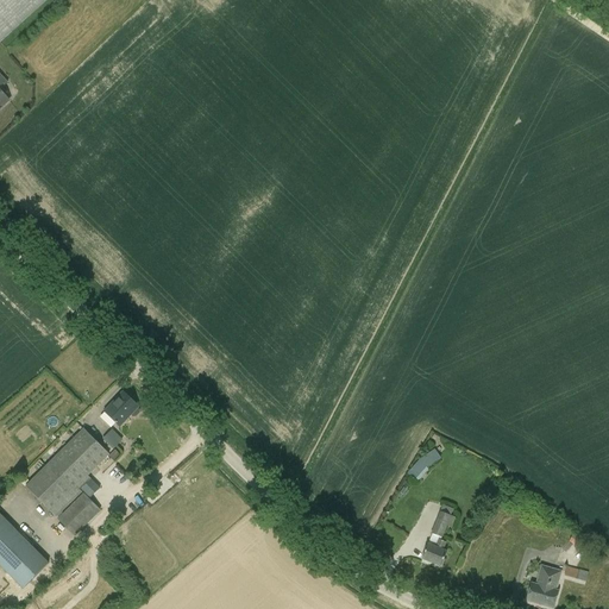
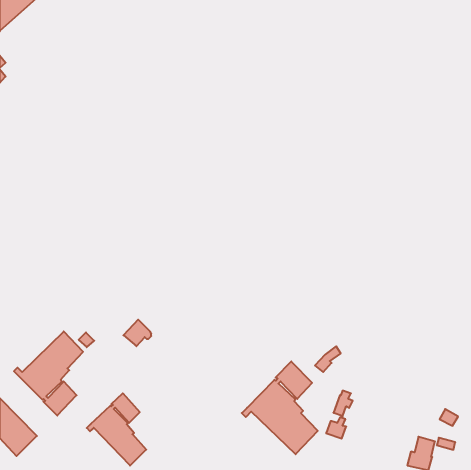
building: [102,390,138,425] -> [123,320,151,346]
building: none -> [242,361,318,454]
building: none -> [87,393,146,466]

